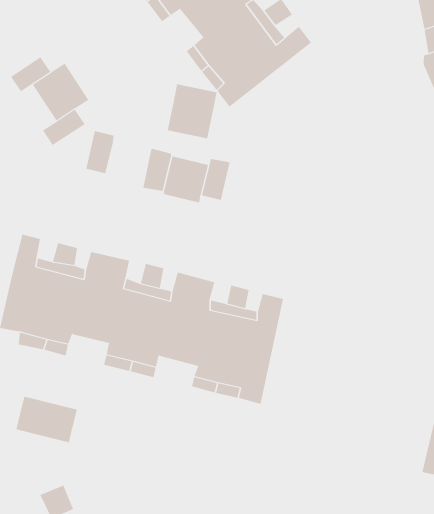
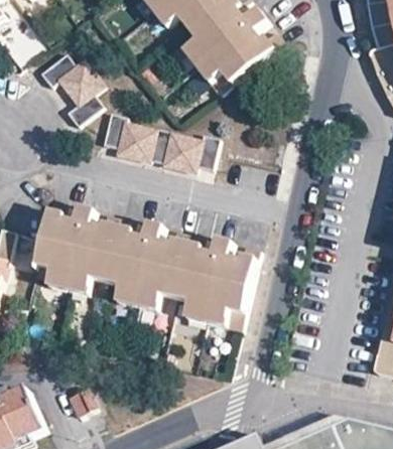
building: [167,84,217,139] -> none
building: none -> [118,124,154,161]
building: [16,396,77,443] -> none

